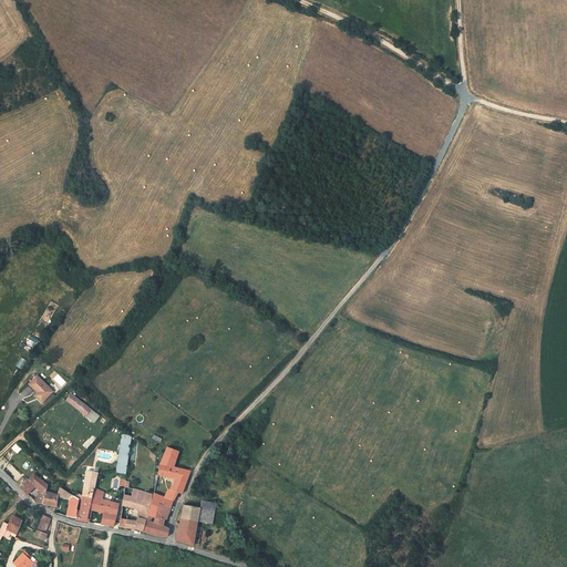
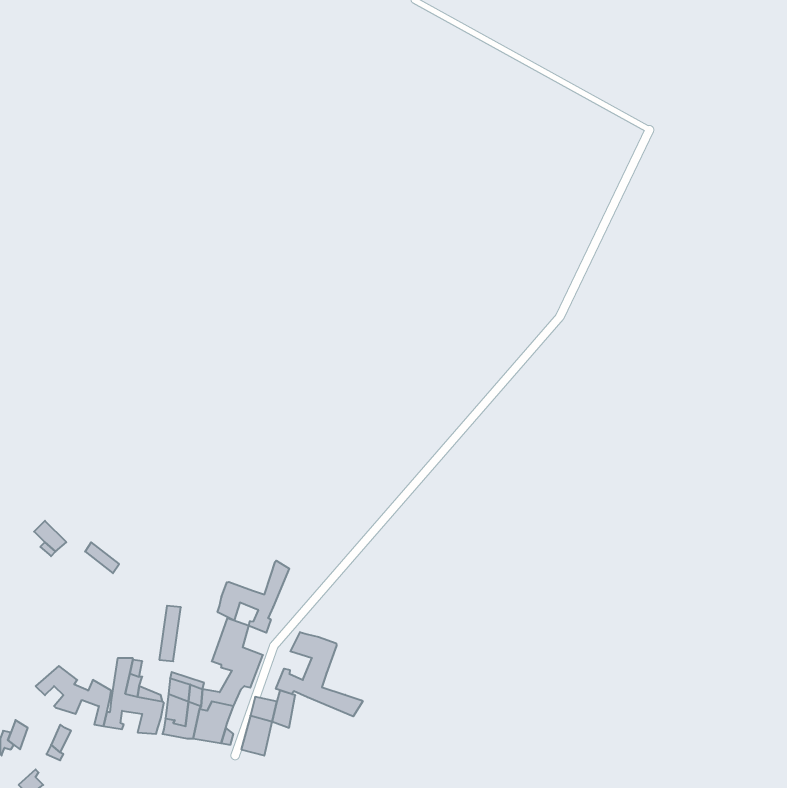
building: none -> [218,561,289,633]
building: none -> [276,632,363,716]

